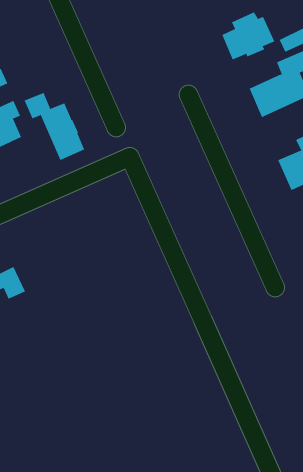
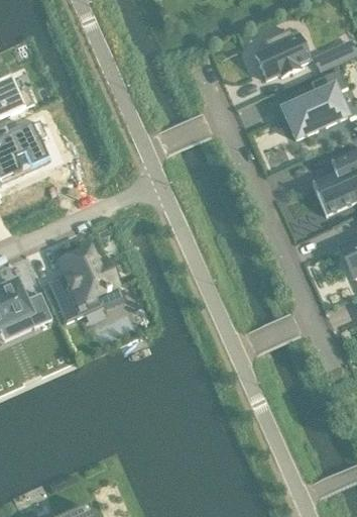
building: [24,92,85,161] -> none
building: none -> [47,246,117,321]

